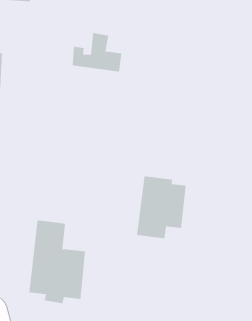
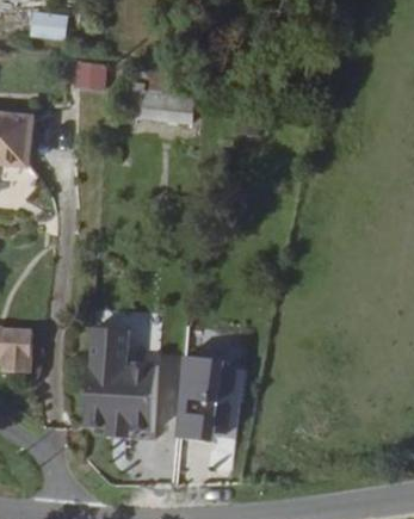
building: [136,176,186,239] -> [179,357,242,440]

